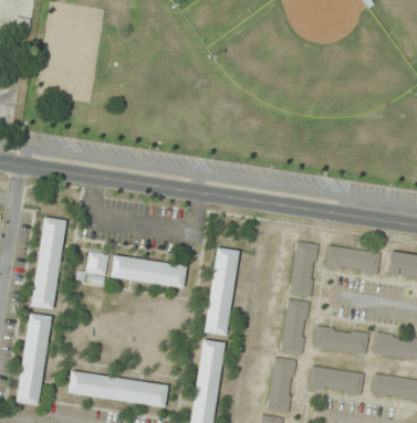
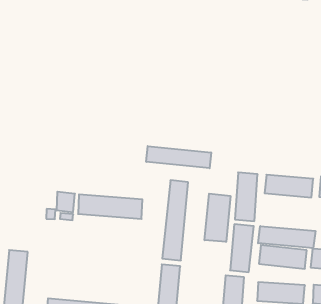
building: none -> [146,146,211,168]
building: [31,218,65,309] -> none
building: none -> [205,194,230,242]
building: none -> [258,226,315,248]

